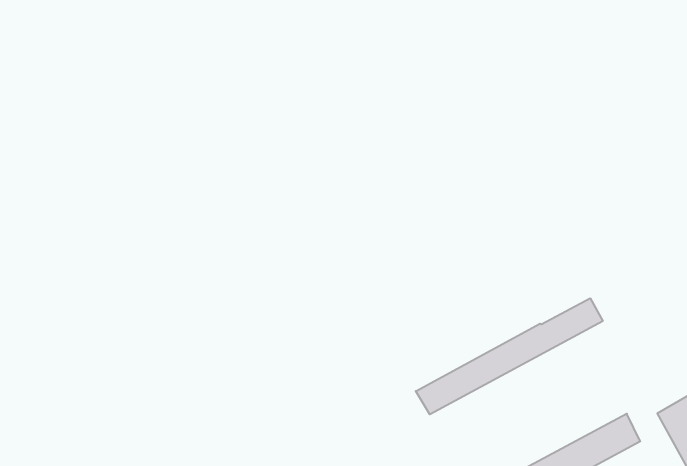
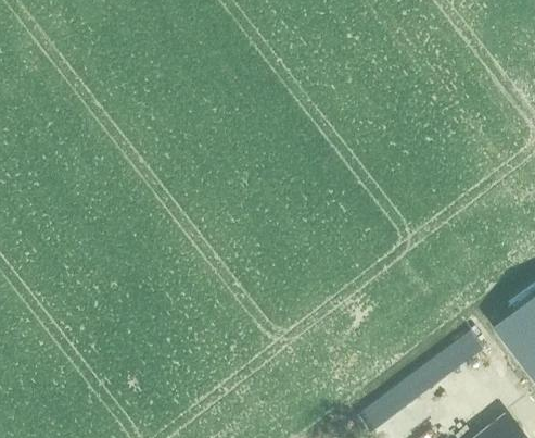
building: [416,298,603,414] -> none

